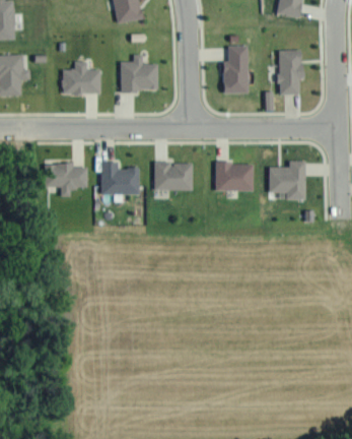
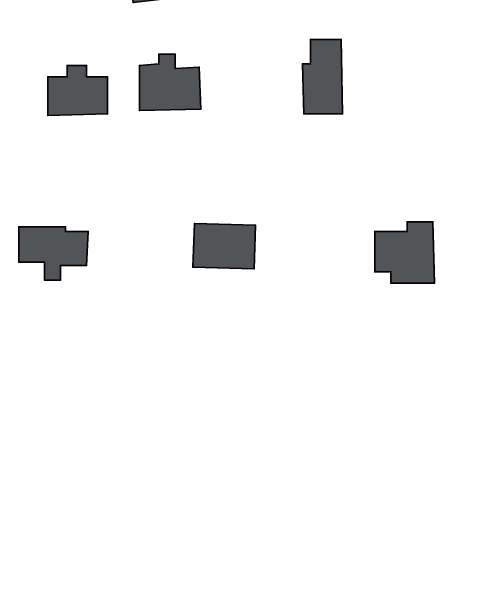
building: [277,49,302,93] -> none
building: [100,162,138,194] -> none
building: [214,163,253,191] -> none

